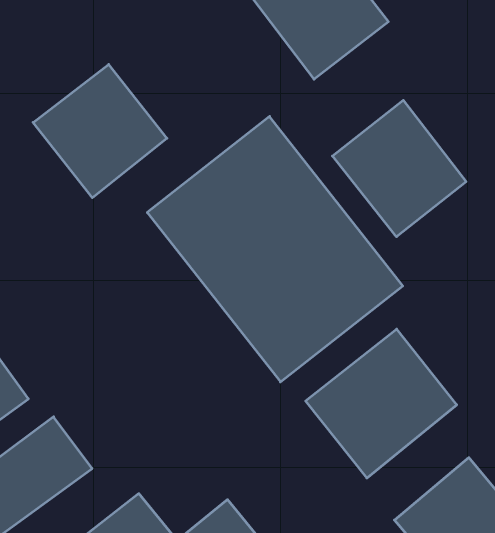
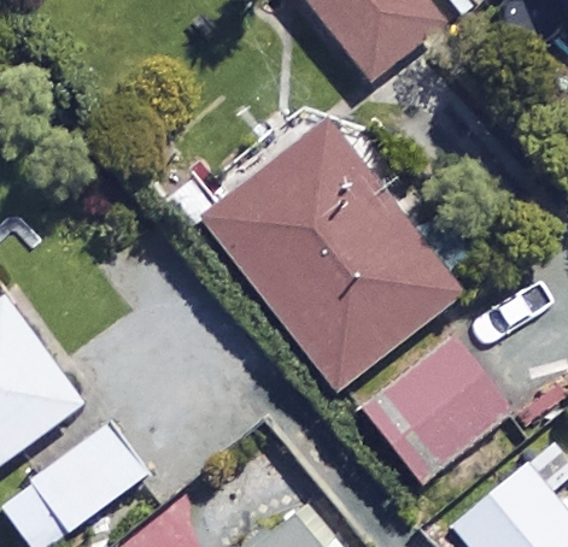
building: [33,64,167,198] -> none
building: [332,100,466,237] -> none

